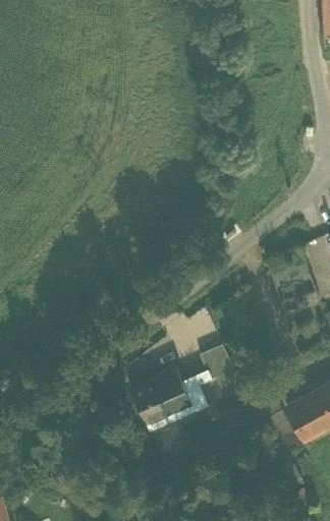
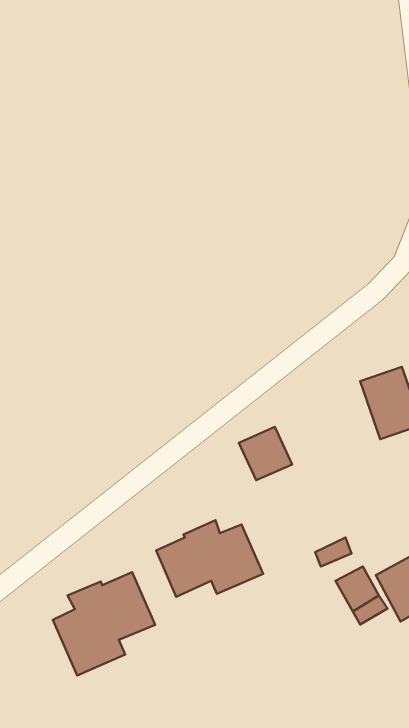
building: [198,346,235,384] -> [239,427,292,480]
building: none -> [53,572,155,676]

